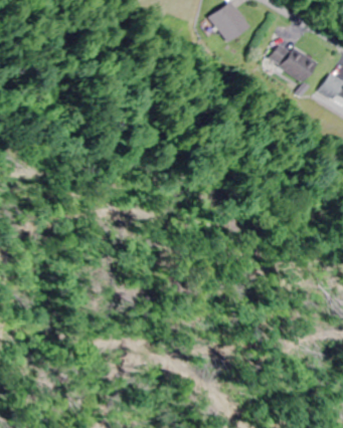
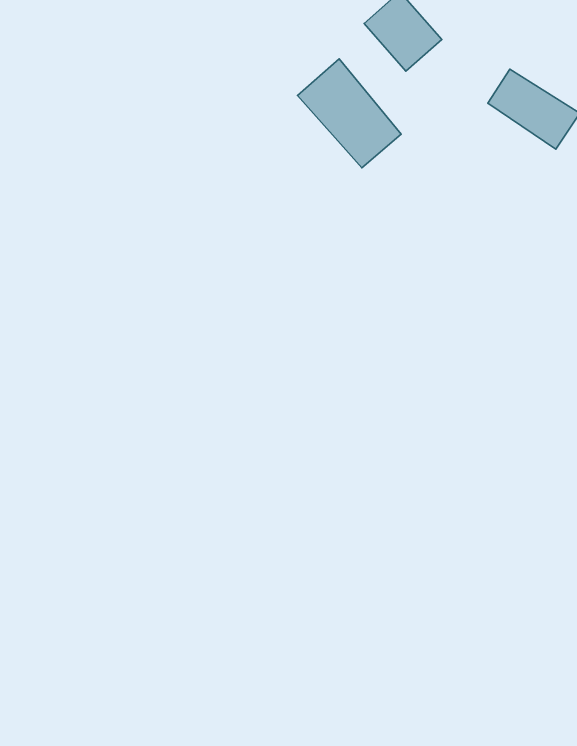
building: none -> [297,59,401,168]

